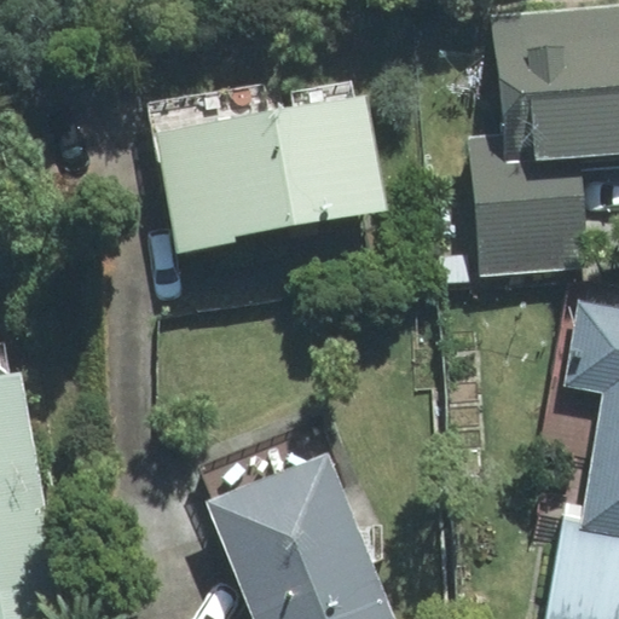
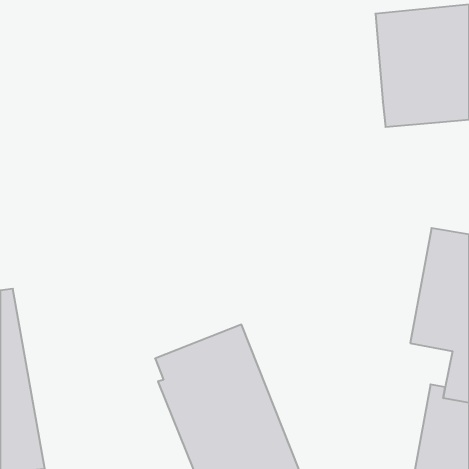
building: [154,83,386,253] -> none
building: [468,135,588,278] -> none

